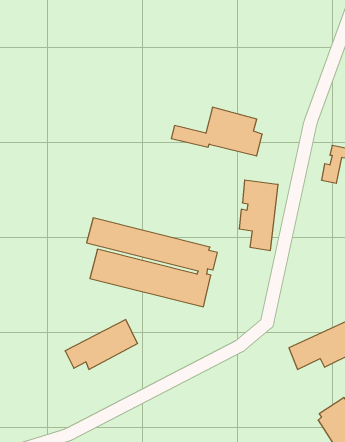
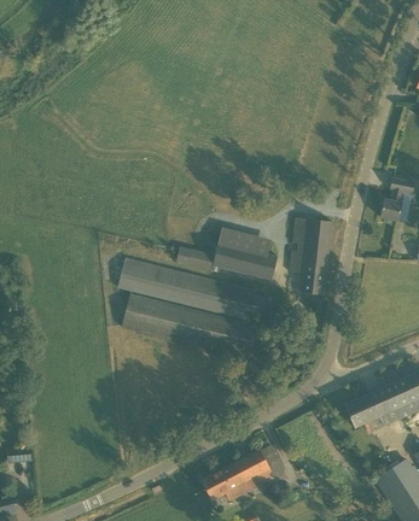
building: [171,107,262,156] -> [176,227,278,281]
building: [65,320,138,369] -> [203,445,284,500]

